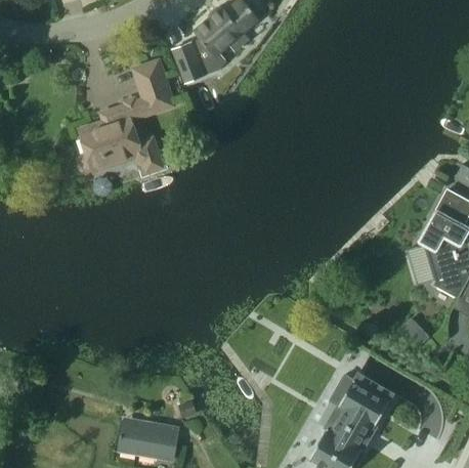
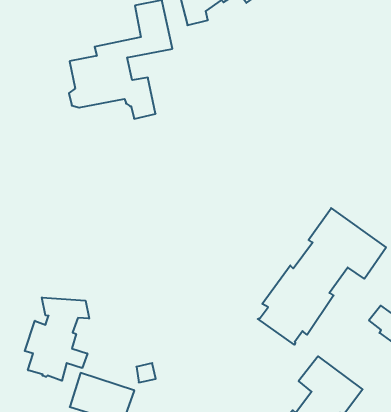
building: none -> [258,208,386,345]
building: none -> [25,297,89,381]

